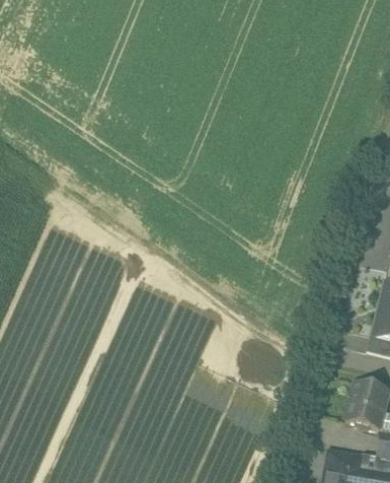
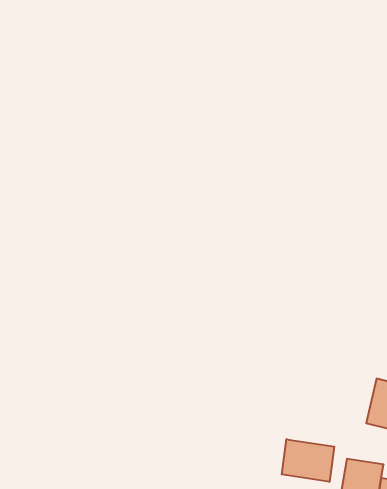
building: none -> [282,439,334,482]

